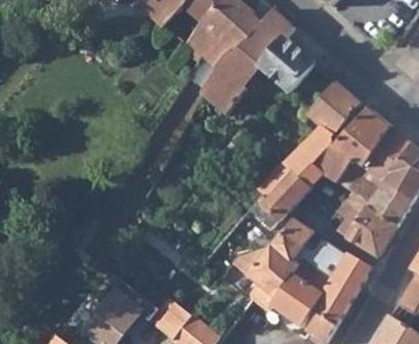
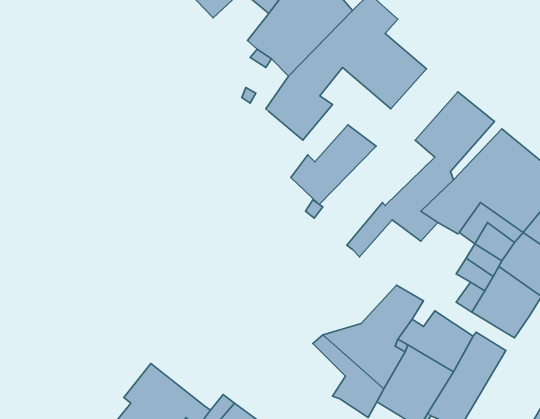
building: [249,172,310,229] -> [291,125,376,204]

